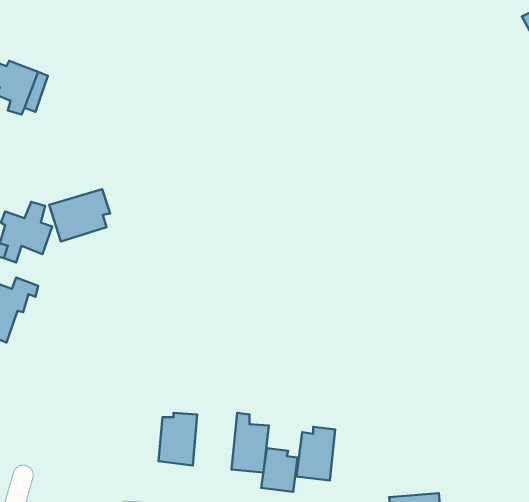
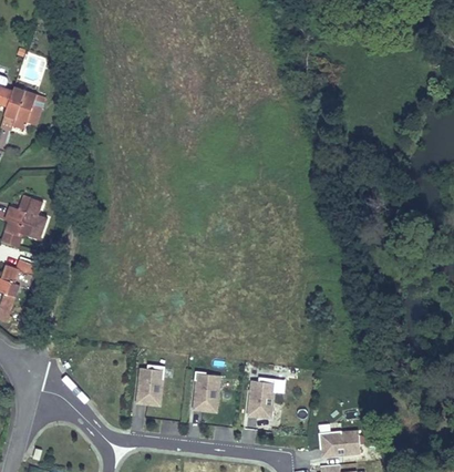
building: [49,189,110,242] -> none
building: [261,448,298,492] -> none

